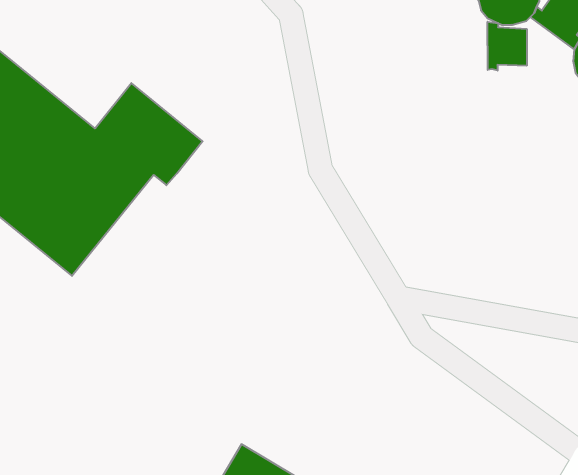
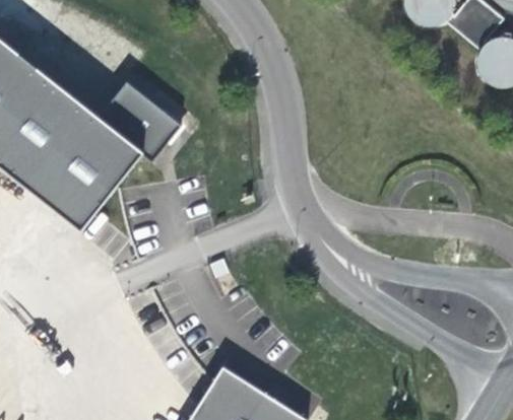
building: [488,22,527,71] -> none

